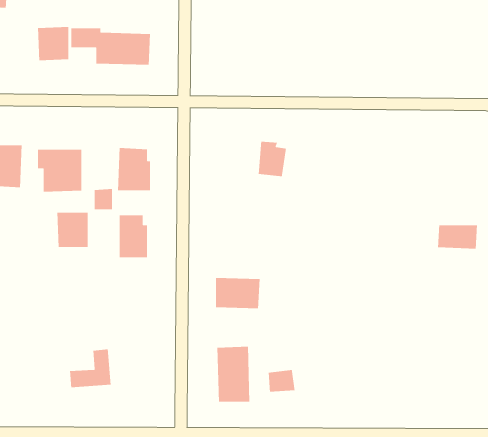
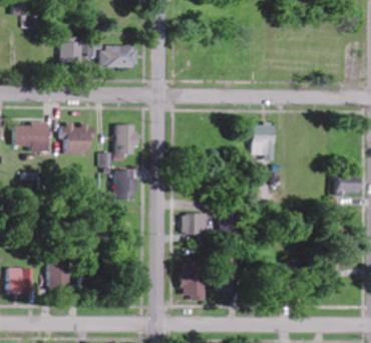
building: [258,141,287,177] -> [255,128,275,153]
building: [56,212,89,248] -> none
building: none -> [45,261,69,287]

